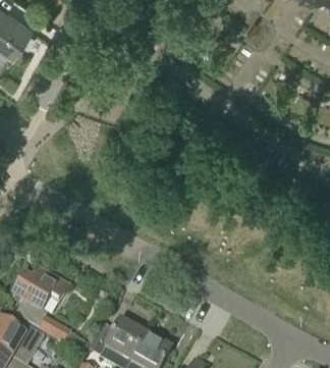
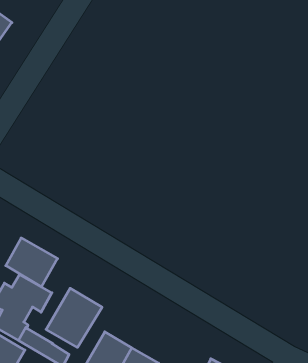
building: none -> [6,238,58,287]
building: none -> [46,288,102,347]

